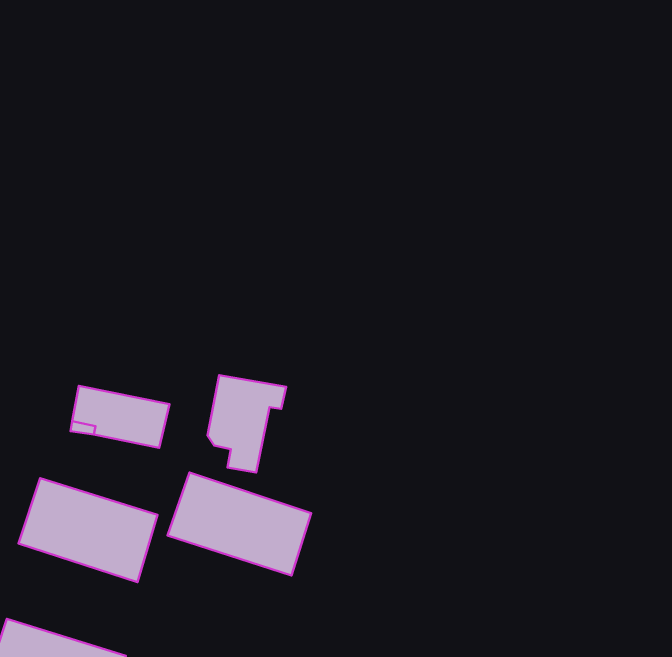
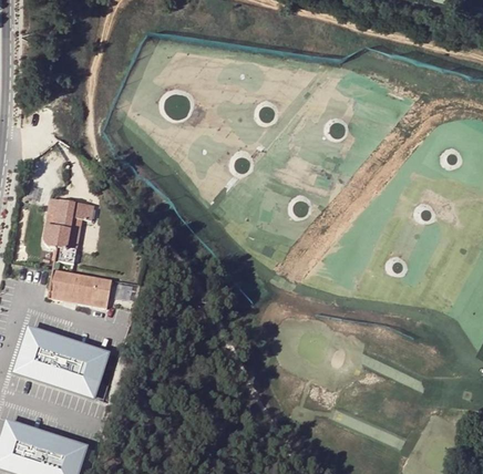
building: [207,375,286,472] -> [43,198,95,262]
building: [168,473,311,576] -> none

